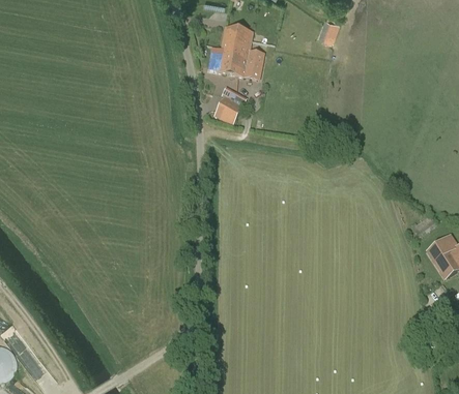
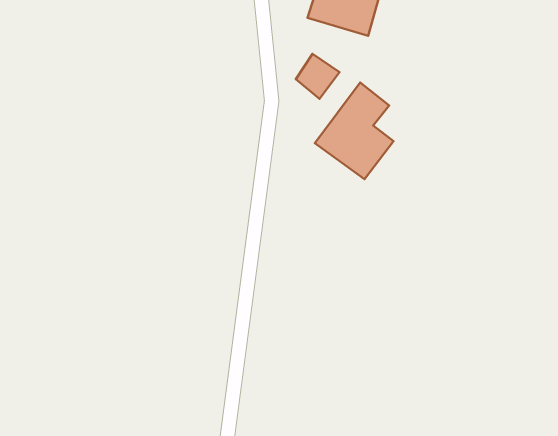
building: none -> [315,83,394,179]

